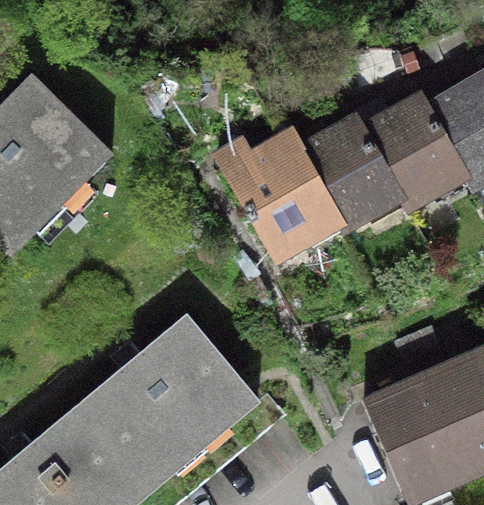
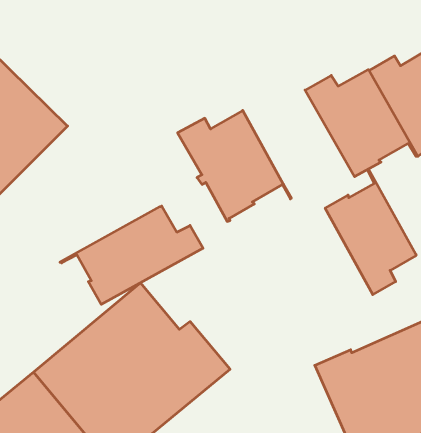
building: [291,117,406,228] -> none
building: none -> [325,169,416,295]
building: none -> [60,206,203,304]

